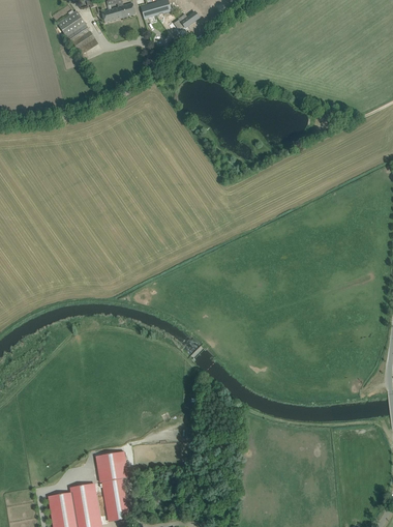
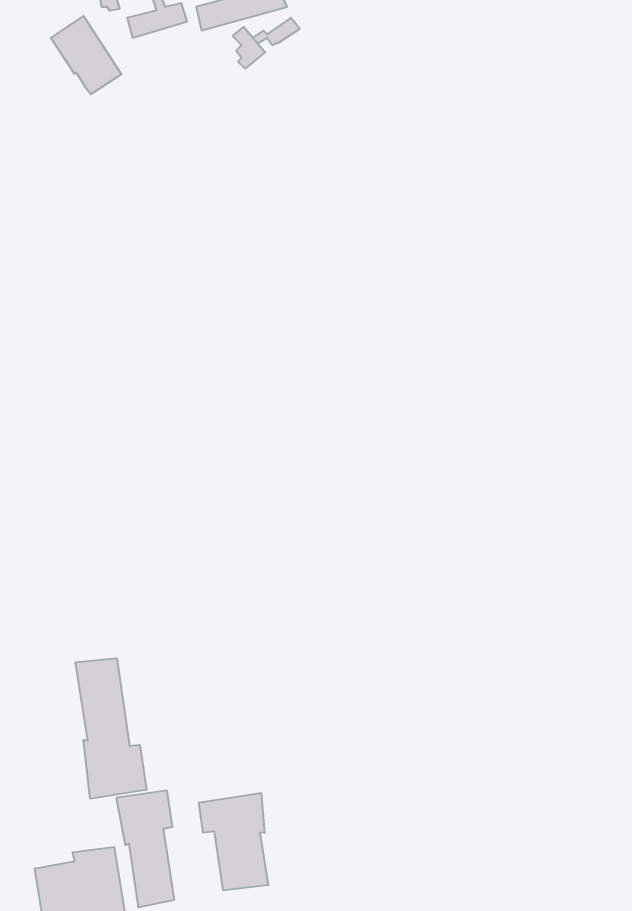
building: none -> [76,658,147,799]
building: none -> [199,793,268,890]

